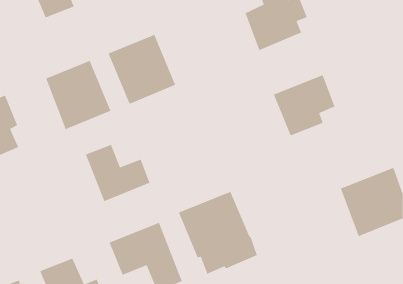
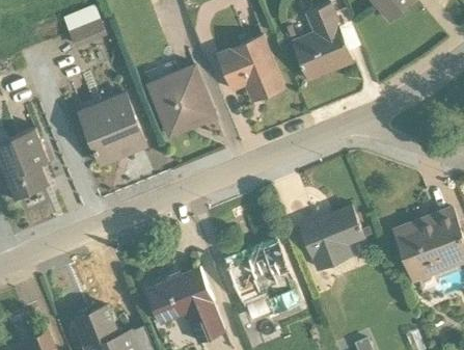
building: none -> [216,34,285,102]
building: [273,74,336,137] -> [298,203,365,270]
building: [85,144,151,202] -> none

